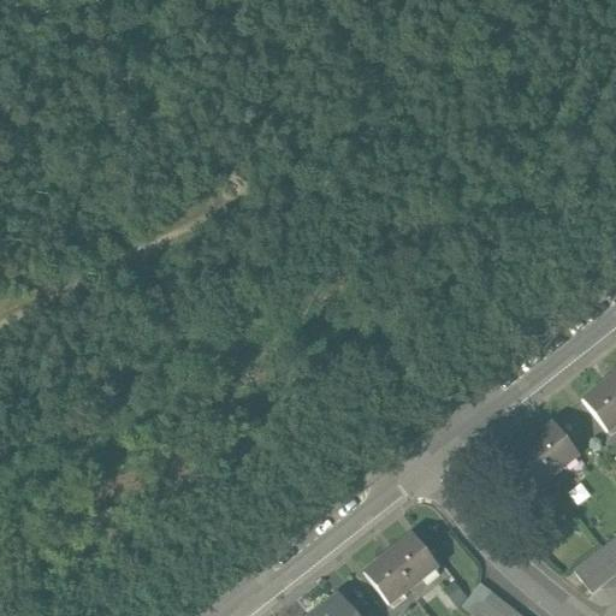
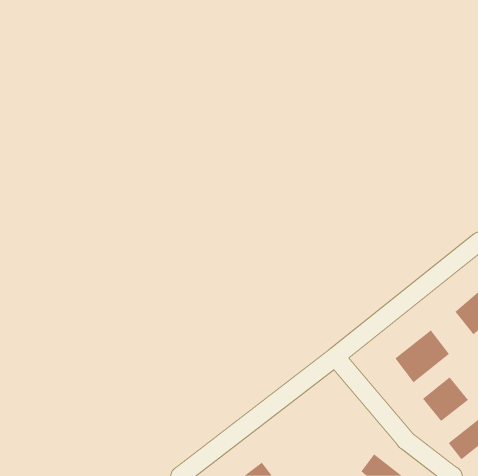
building: none -> [422,377,469,422]
building: [366,534,438,602] -> none

